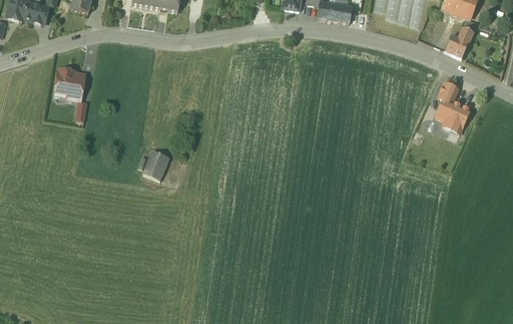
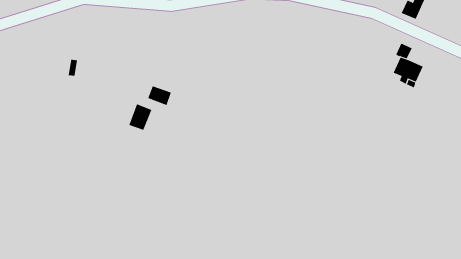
building: [55,68,85,98] -> none
building: none -> [147,85,171,106]

